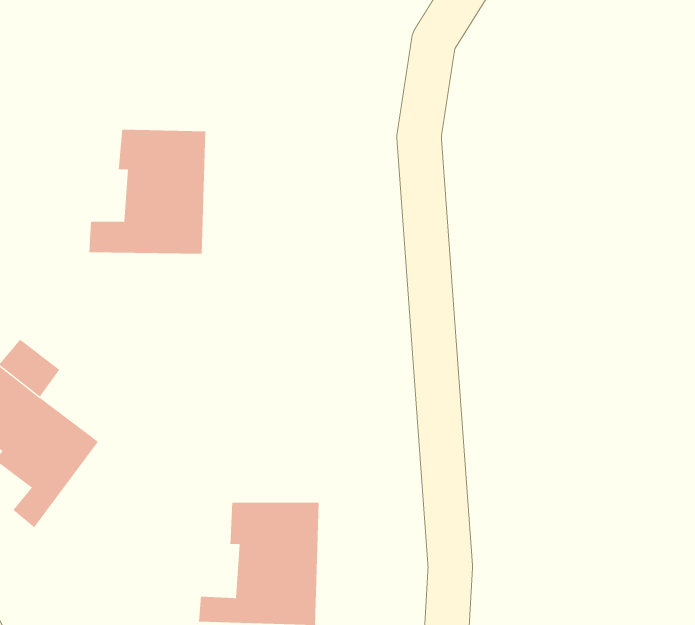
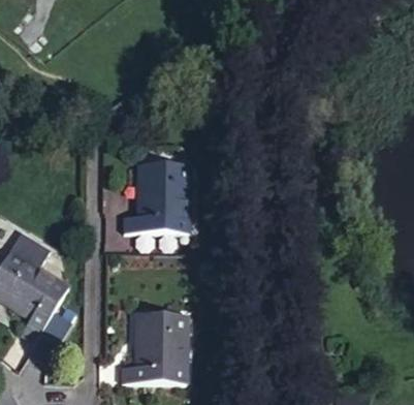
building: [88,129,206,254] -> [124,160,190,230]

